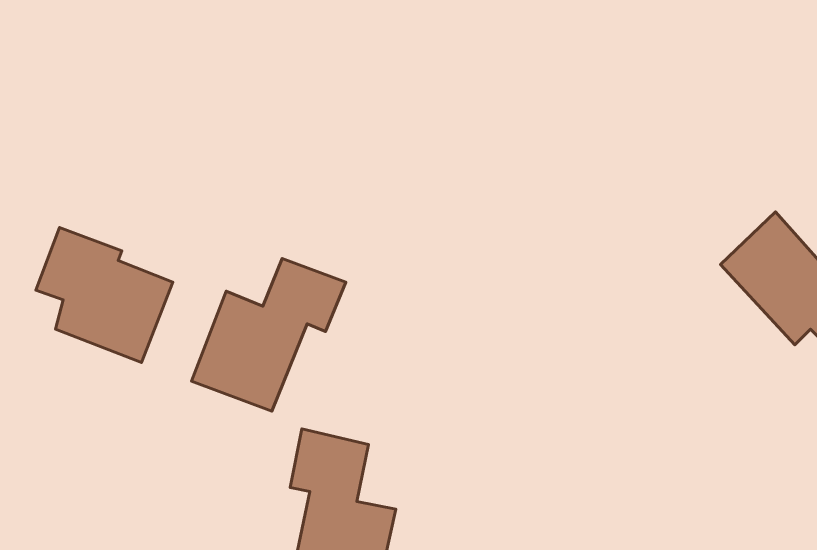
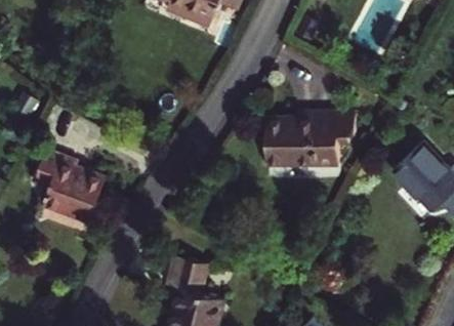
building: none -> [267,113,361,166]
building: [192,258,346,411] -> none

